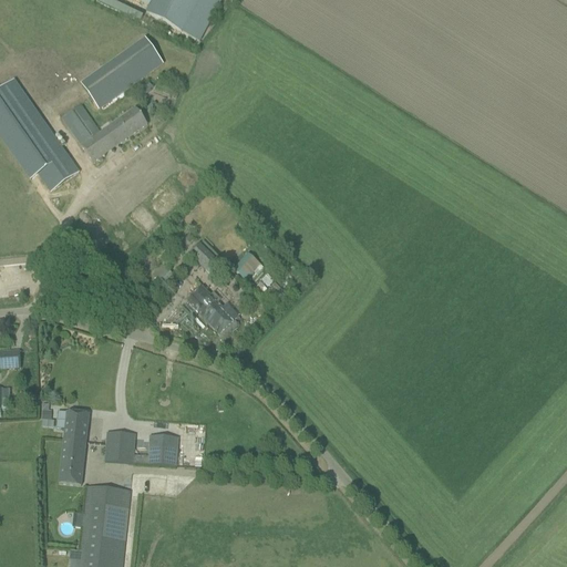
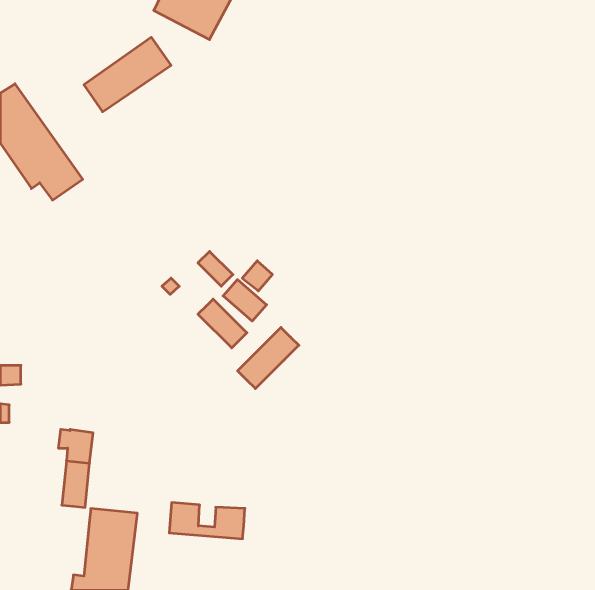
building: [62,103,147,161] -> none
building: none -> [223,280,267,321]
building: none -> [238,327,299,389]
building: [105,430,177,464] -> [169,503,245,539]

